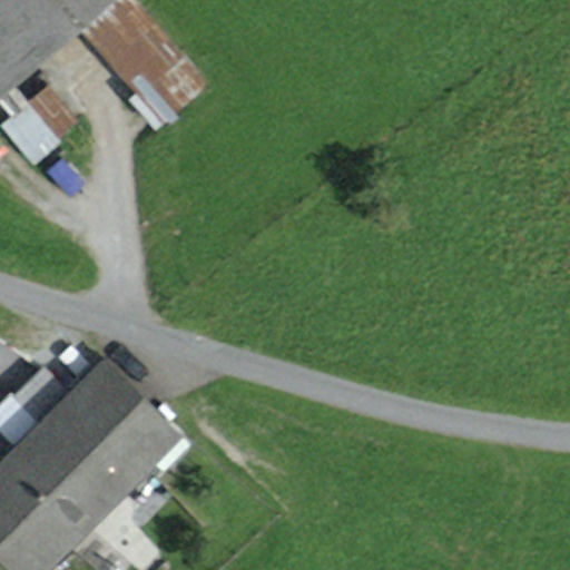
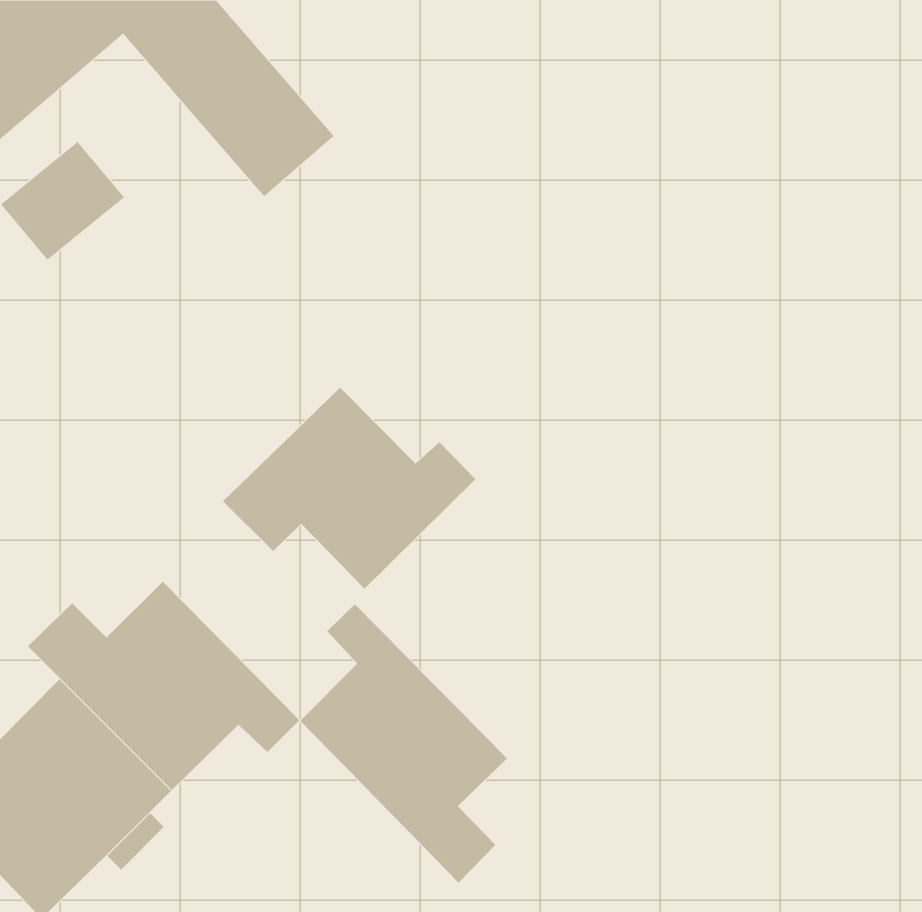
building: none -> [222,387,476,590]
building: none -> [300,604,508,884]

